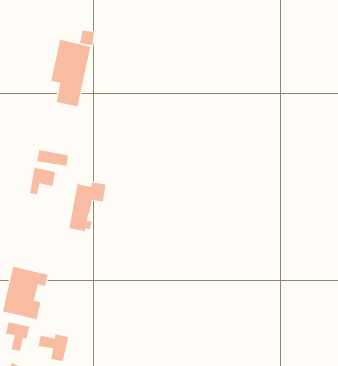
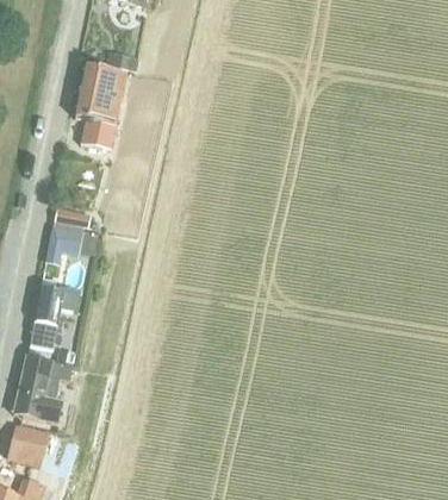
building: [68,182,106,232] -> [30,285,79,349]
building: [38,334,69,362] -> none

